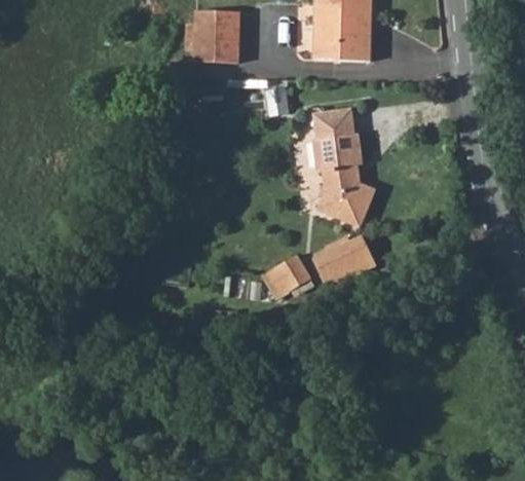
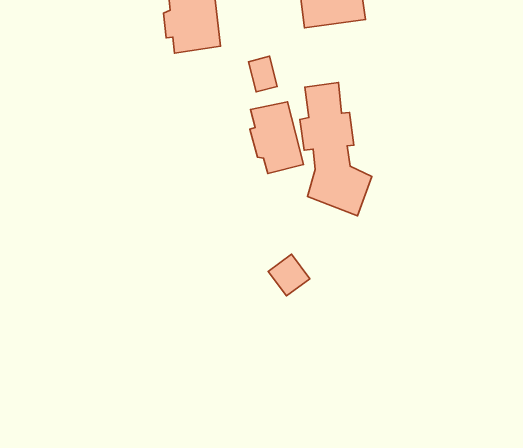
building: none -> [250,102,303,174]
building: [313,228,378,281] -> none

